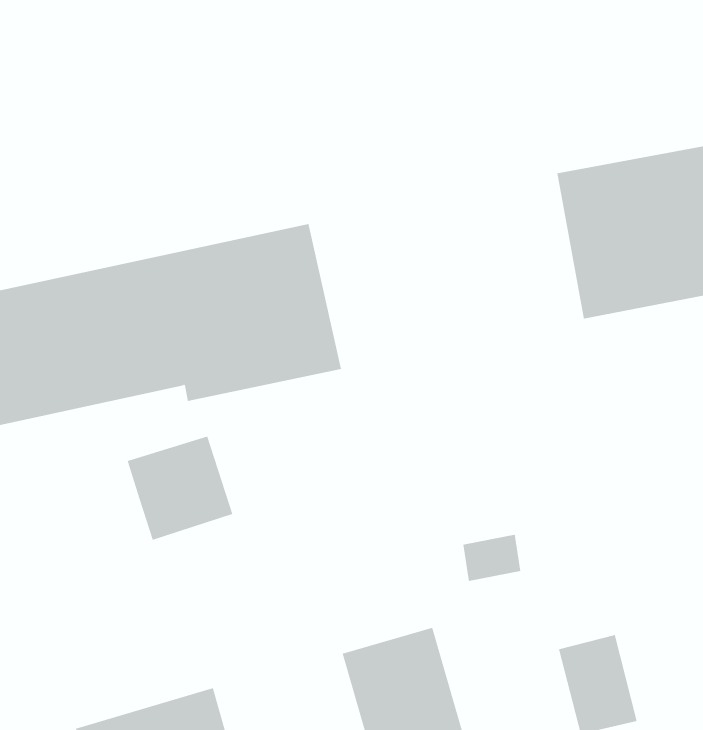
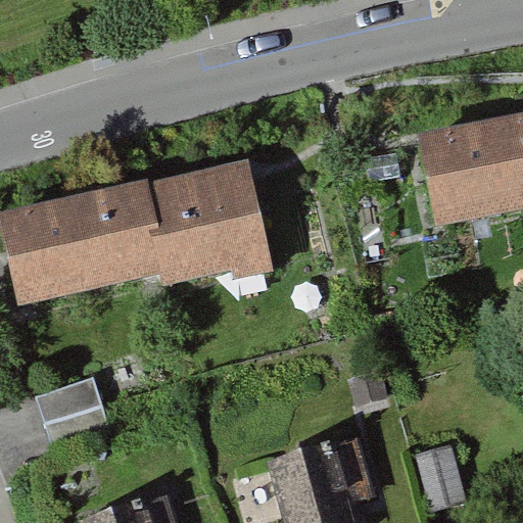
building: [127,436,233,541] -> [37,377,110,449]

